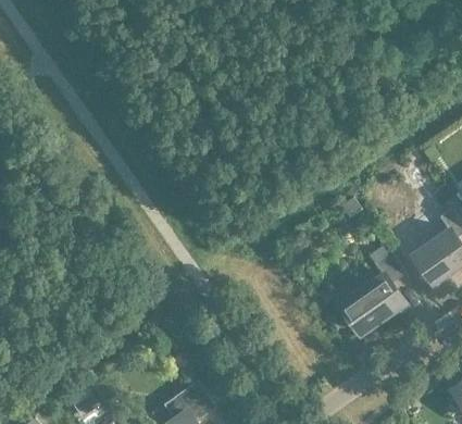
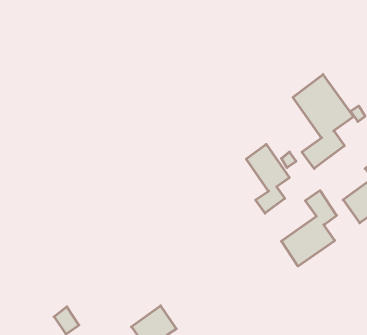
building: none -> [293,74,353,169]
building: none -> [246,144,289,213]

